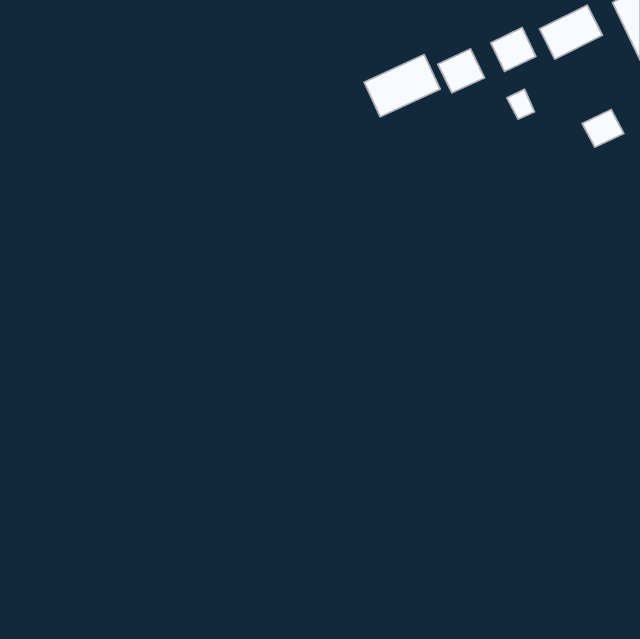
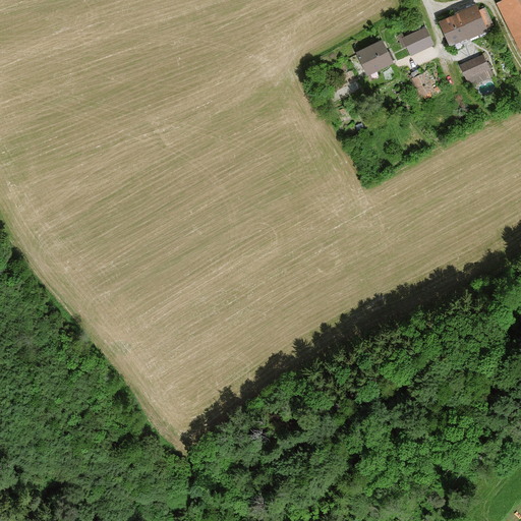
building: [364,54,440,117] -> none
building: [582,110,624,147] -> [460,55,494,85]

